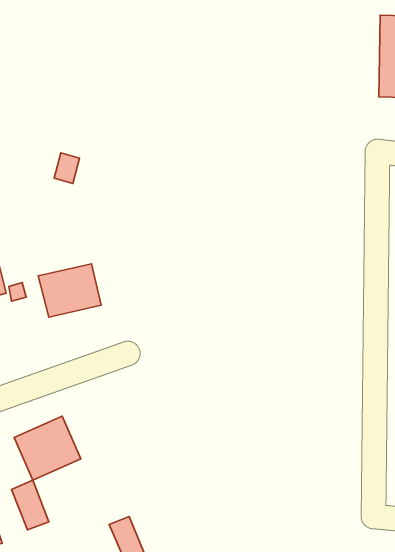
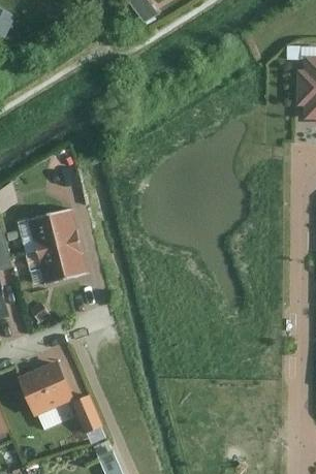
building: none -> [31,213,81,256]
building: [12,480,49,530] -> [73,393,102,432]

